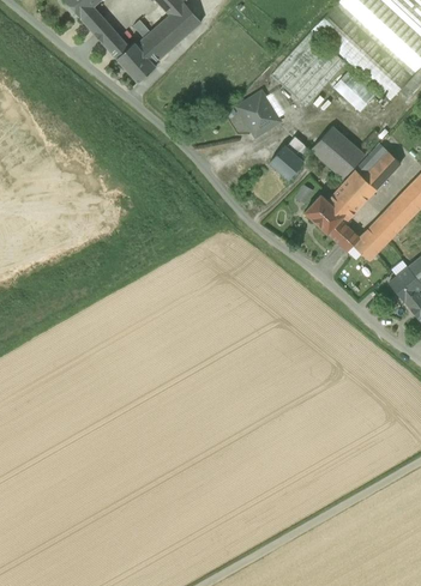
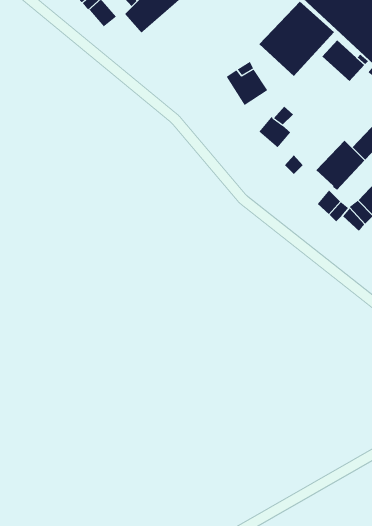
building: [116,43,156,84] -> none
building: [309,127,365,179] -> none
building: [305,195,343,234] -> none

